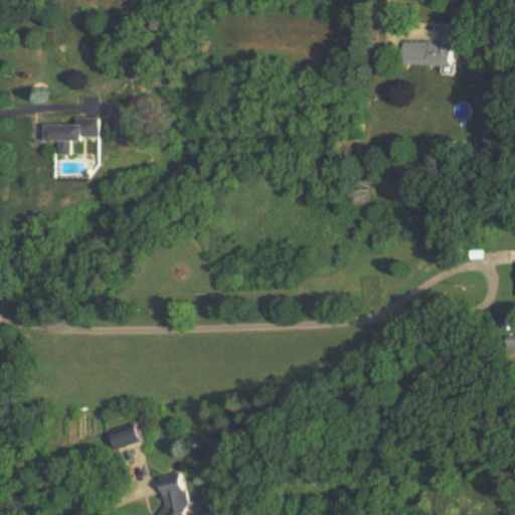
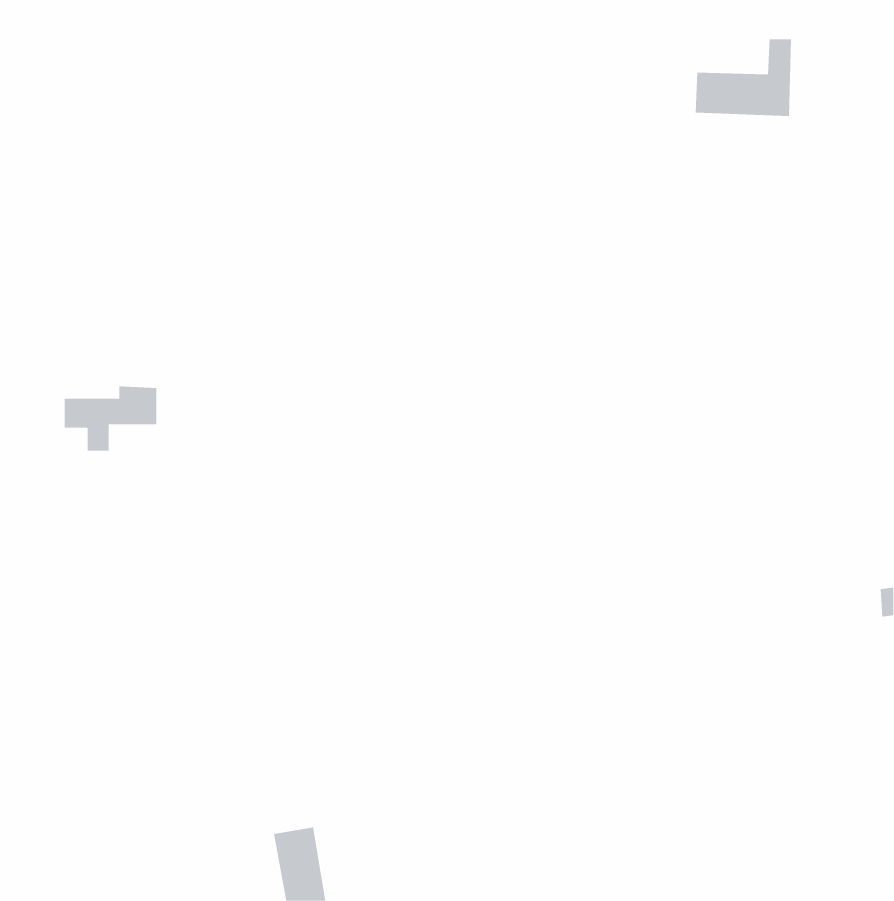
building: [43,117,97,154] -> [64,386,157,451]
building: [109,426,139,449] -> none

